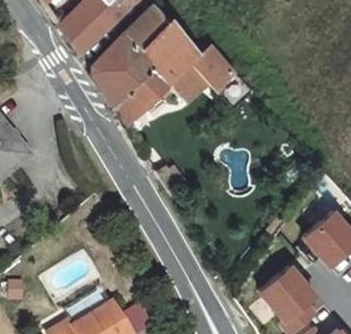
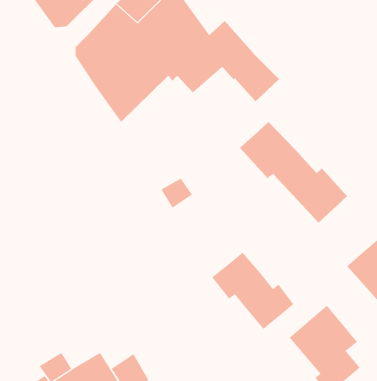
building: none -> [240,121,348,223]
building: none -> [212,252,294,330]

